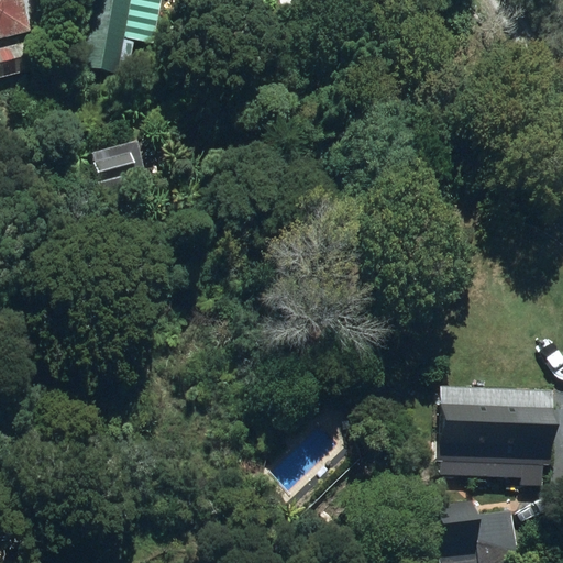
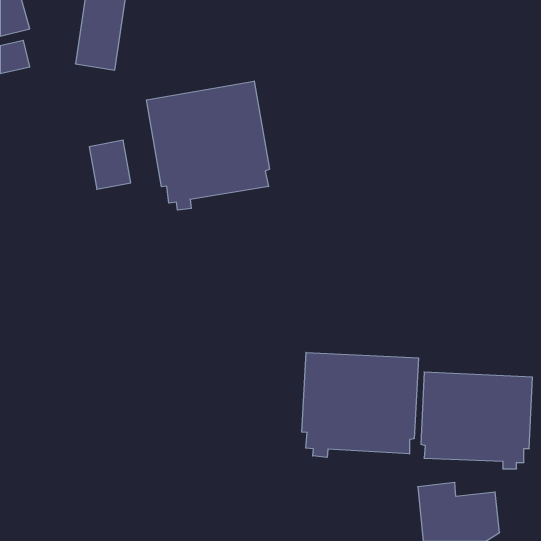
building: none -> [146,81,269,210]
building: none -> [302,352,418,457]

